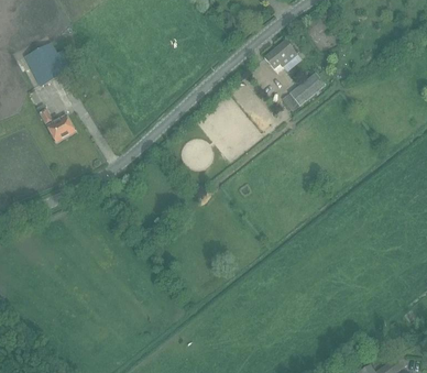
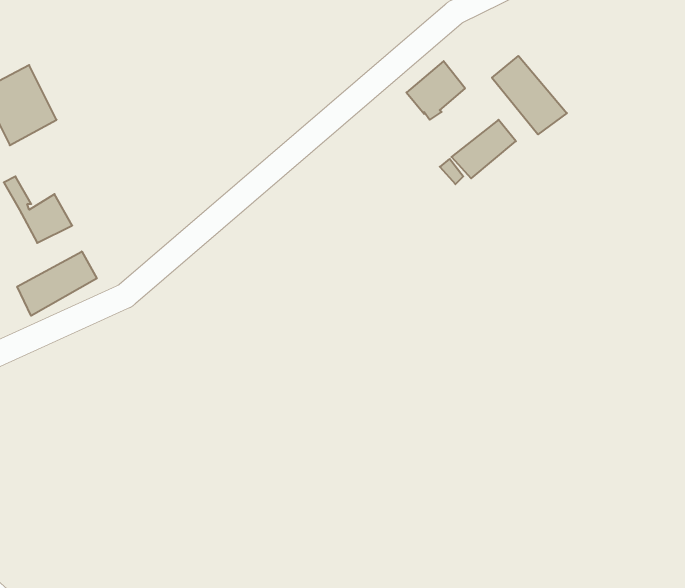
building: none -> [492,56,567,134]
building: none -> [17,251,97,316]

